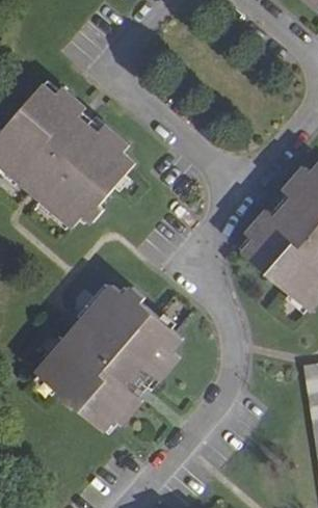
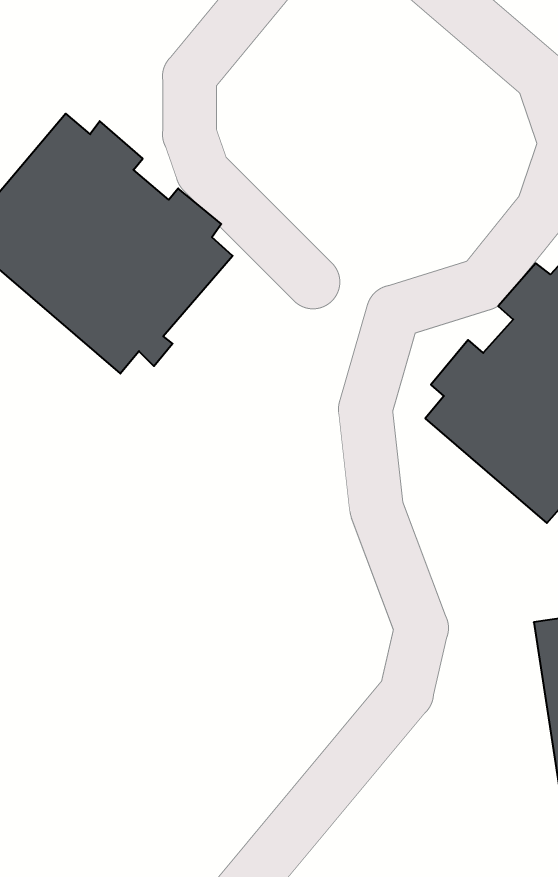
building: [35,285,183,432] -> none

